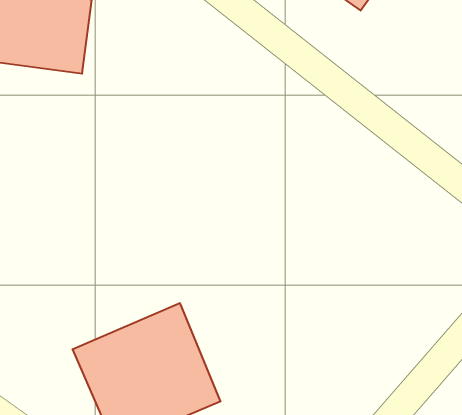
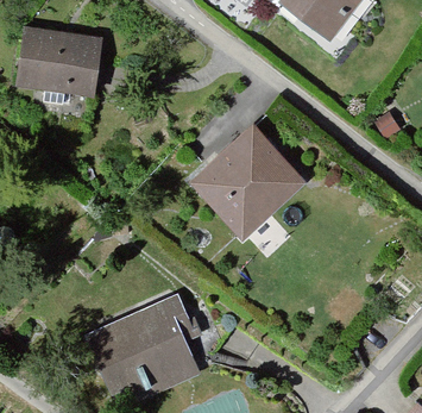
building: none -> [193,124,309,240]

